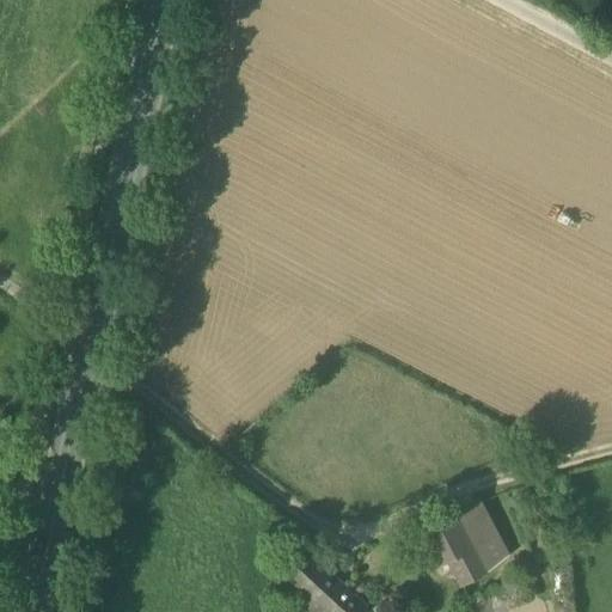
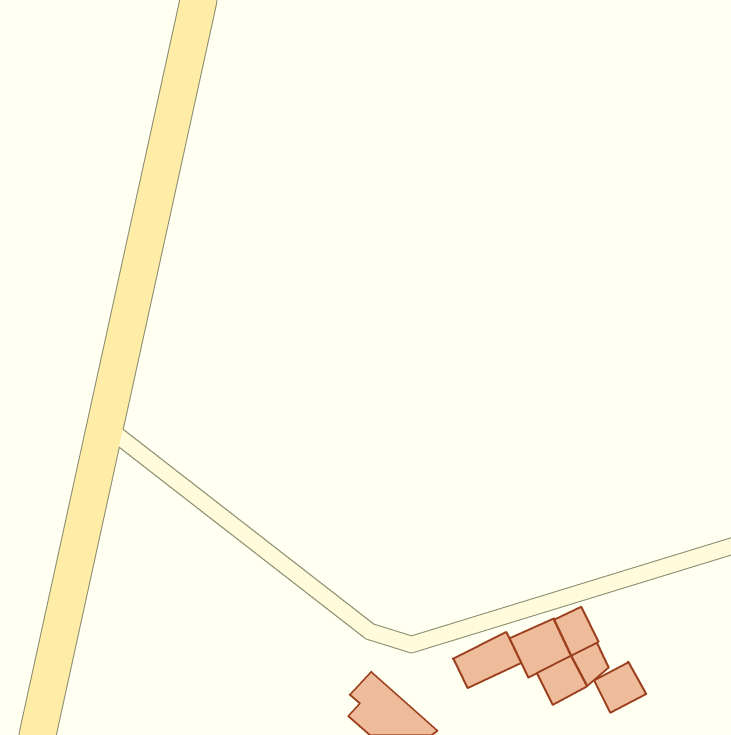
building: none -> [453,632,521,688]
building: none -> [594,662,646,713]

